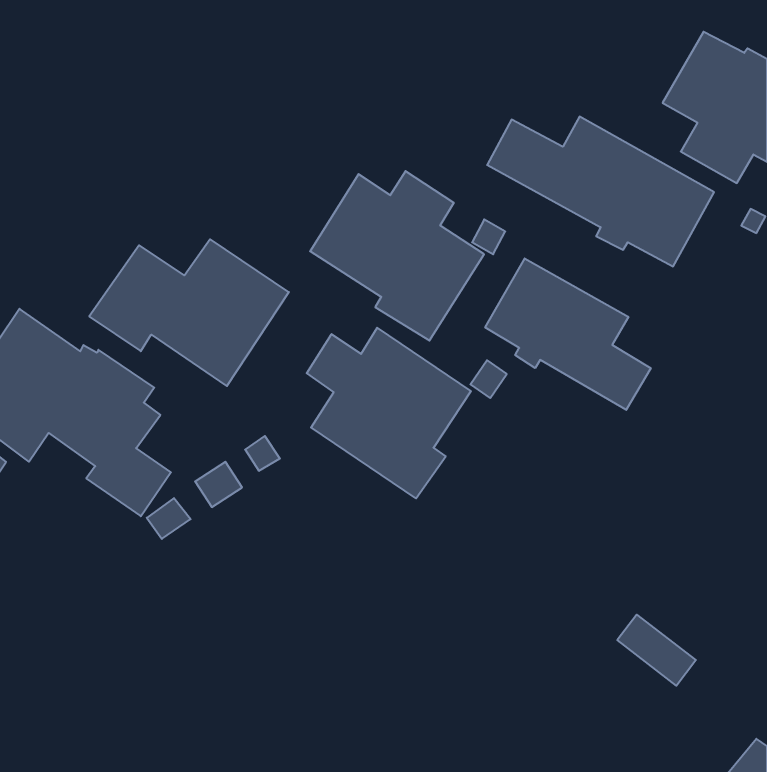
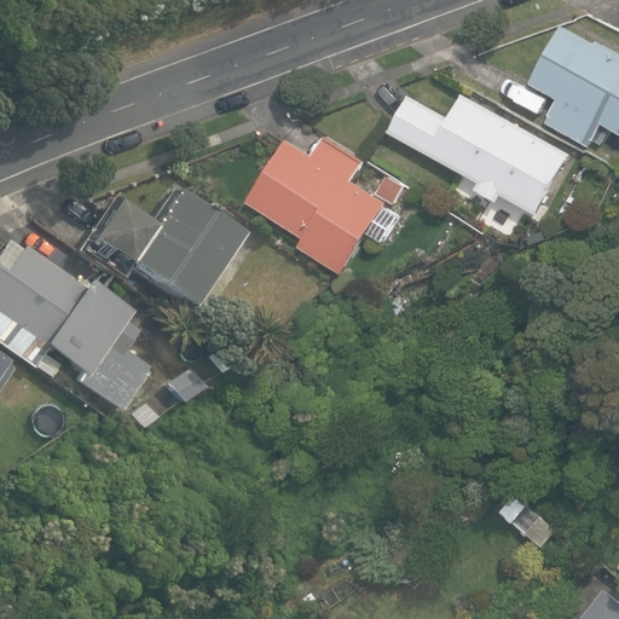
building: [485,258,651,410] -> none
building: [307,328,471,498] -> none

